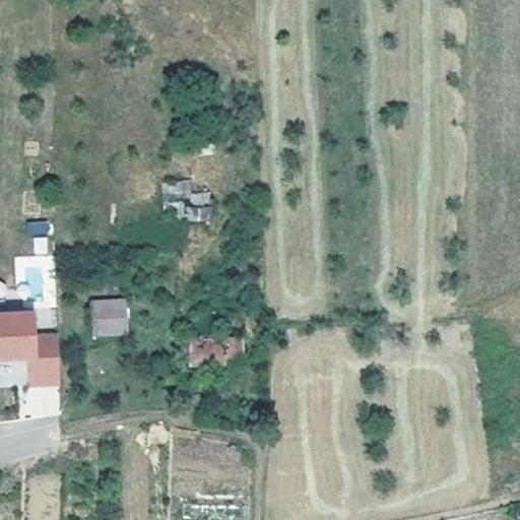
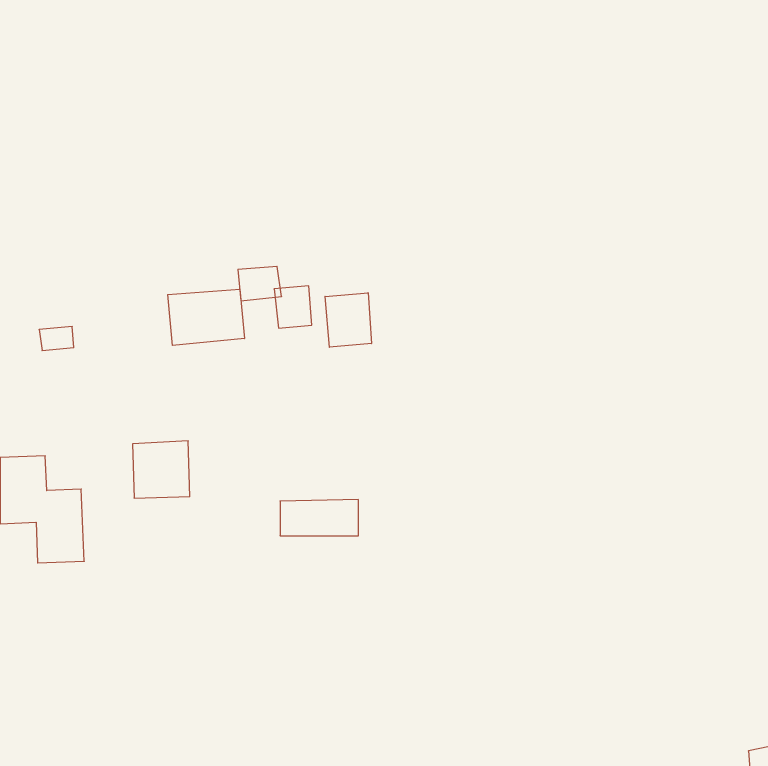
building: none -> [168,289,244,345]
building: none -> [325,293,371,347]

